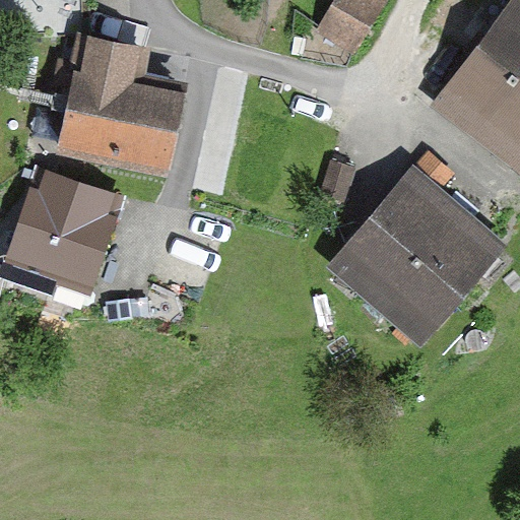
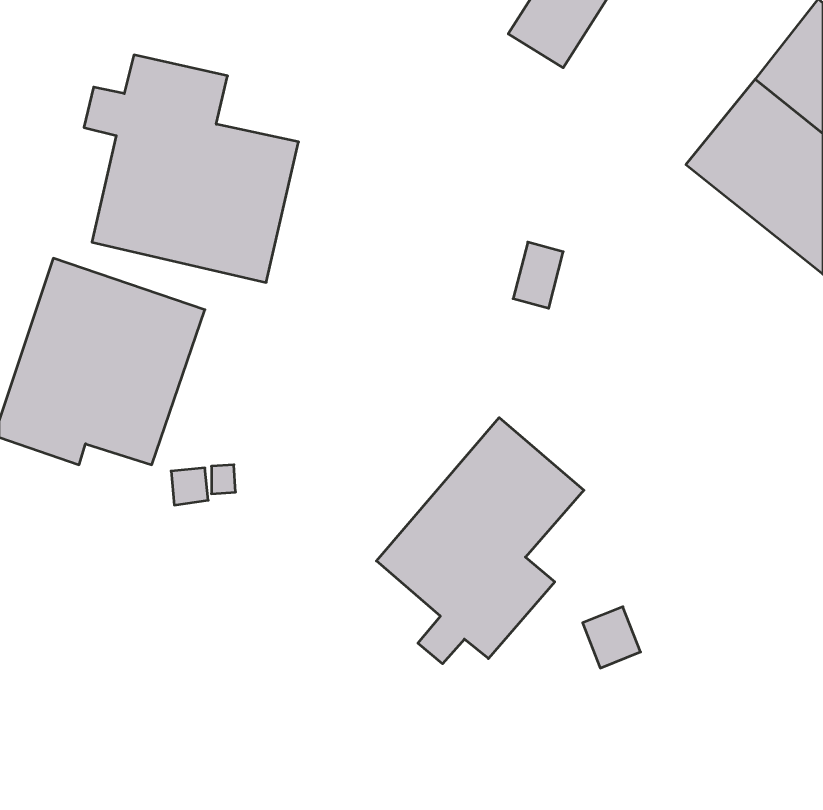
building: [324,145,508,348] -> none
building: none -> [376,418,584,664]

